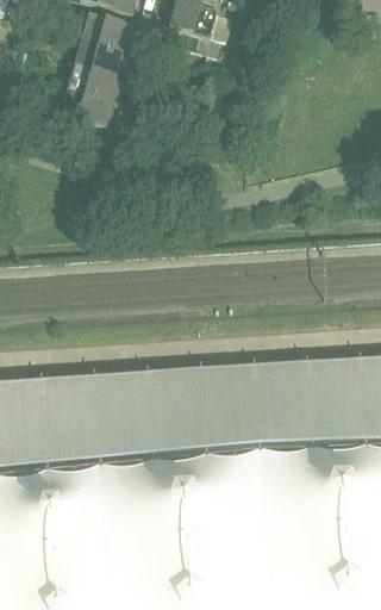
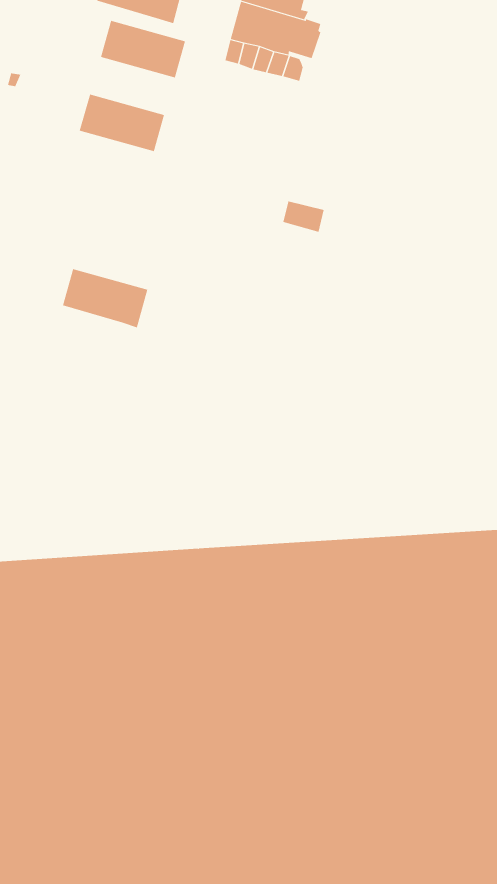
building: [74,39,132,79] -> none
building: [60,89,118,130] -> [62,269,148,328]

